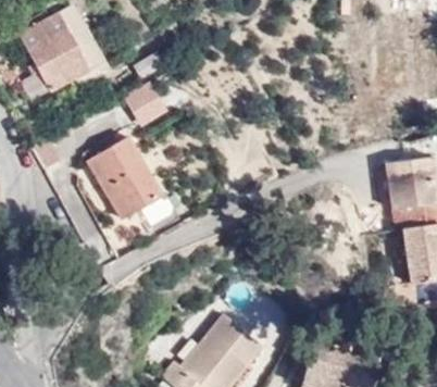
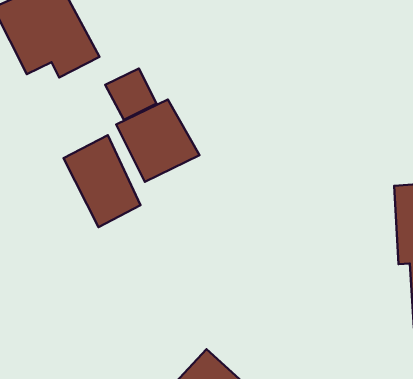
building: none -> [116,99,200,182]

